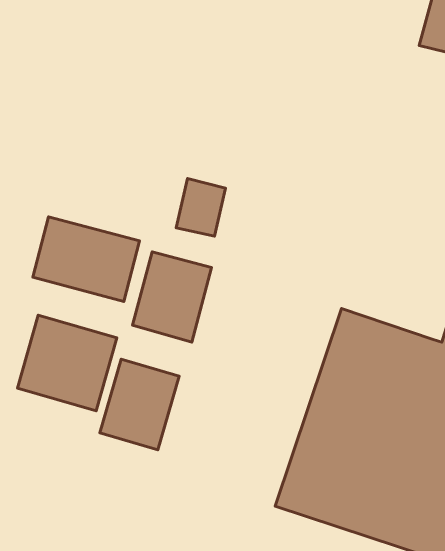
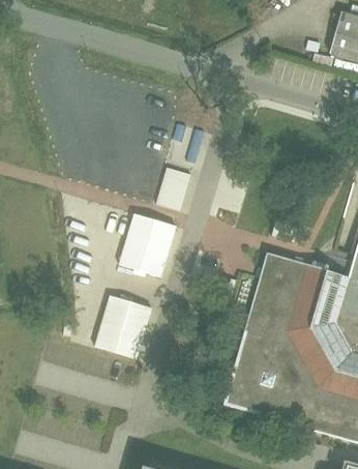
building: [33,217,140,301] -> none
building: [17,315,117,411] -> none

